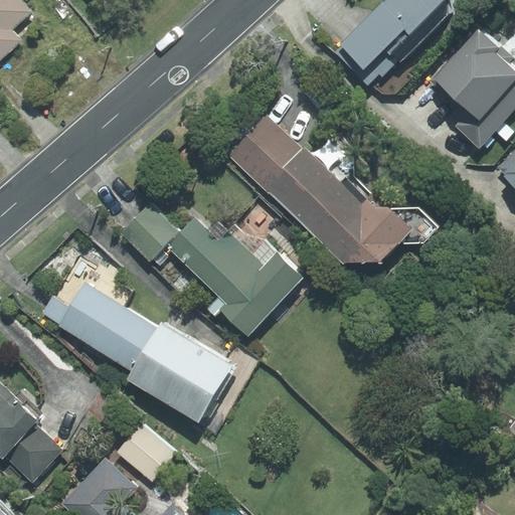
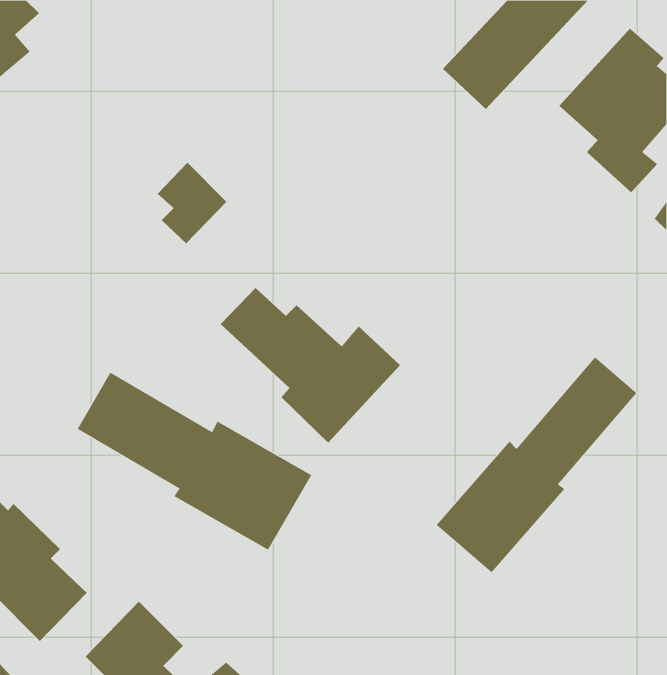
building: [237,114,418,264] -> none
building: [125,200,178,263] -> [157,162,227,244]
building: none -> [436,357,637,573]
building: [116,422,176,483] -> none

